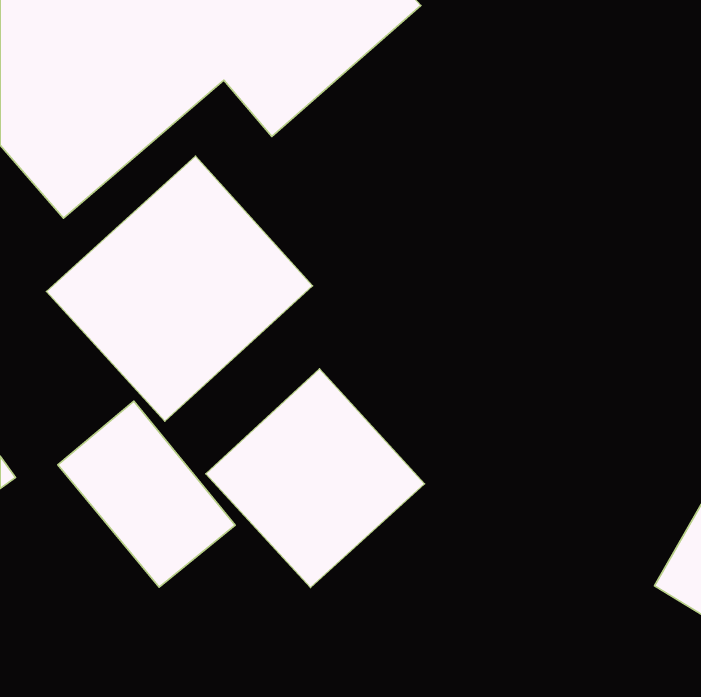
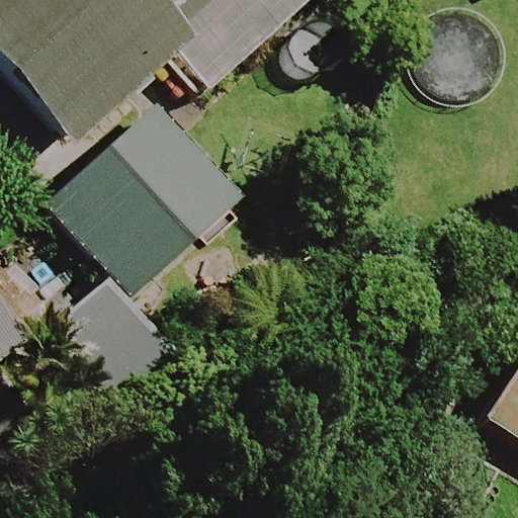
building: [206,369,424,588] -> none

